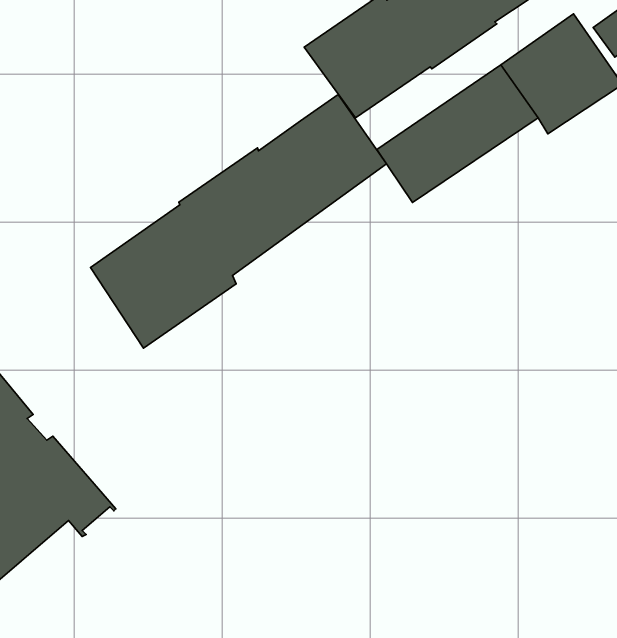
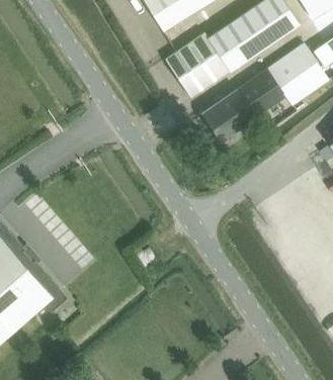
building: [90,95,387,348] -> none

